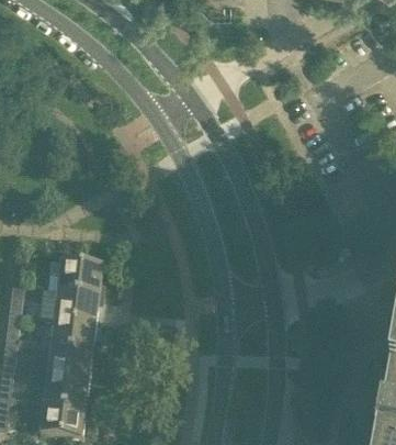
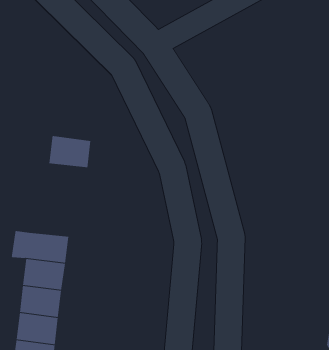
building: [59,256,104,290] -> [49,136,91,168]

